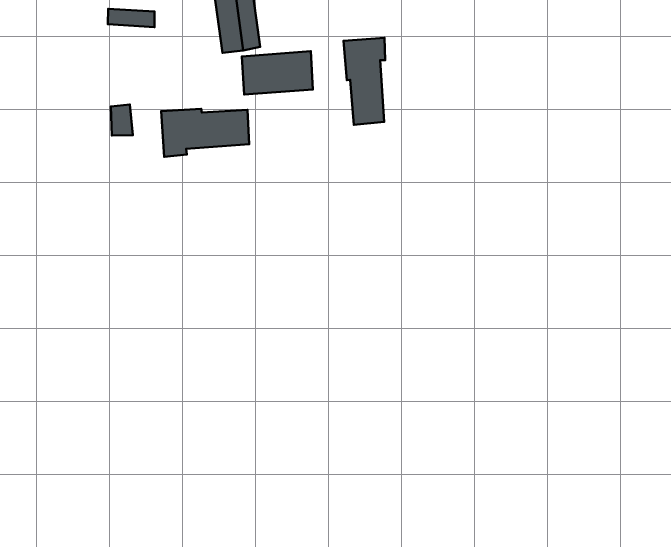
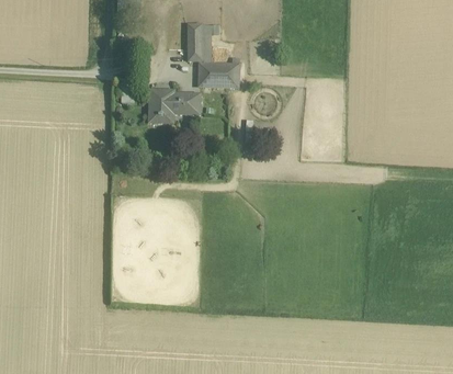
building: [344,38,385,125] -> none

